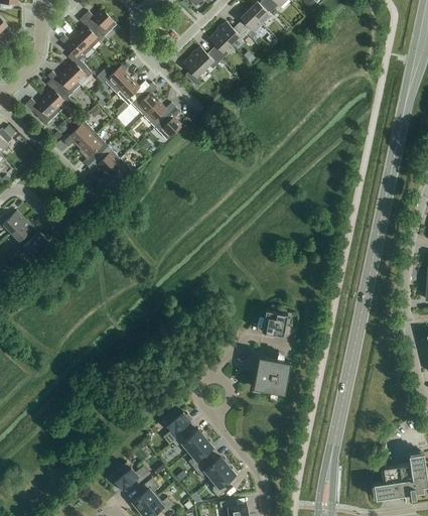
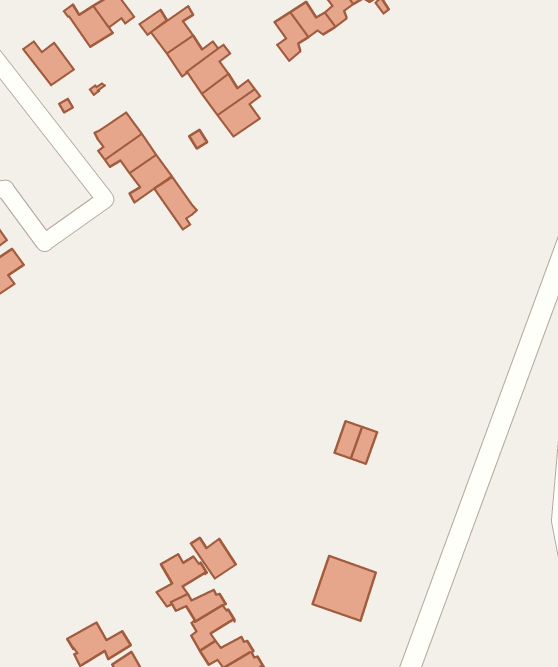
building: [43,80,70,113] -> none
building: [62,122,96,149] -> none
building: none -> [154,177,197,229]
building: [252,356,289,394] -> [312,556,376,621]
building: none -> [191,538,236,578]

